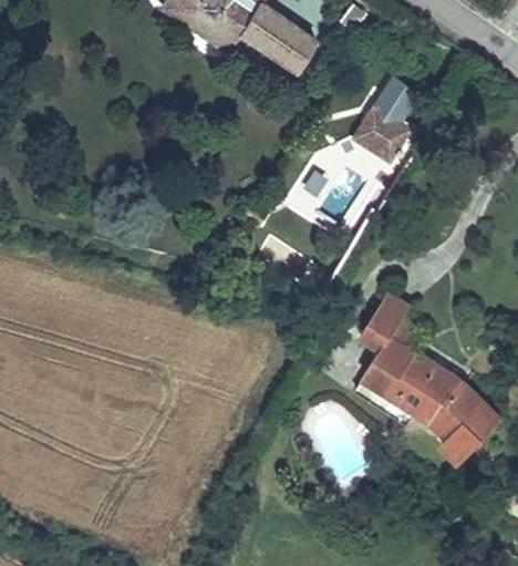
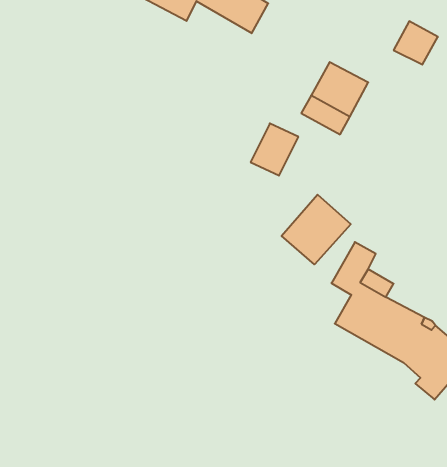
building: [372,78,418,123] -> [394,21,438,65]
building: none -> [282,195,351,264]

